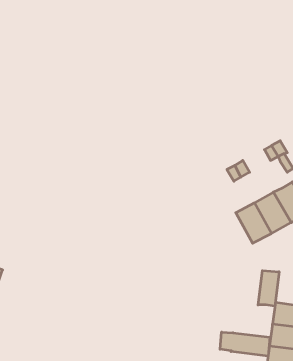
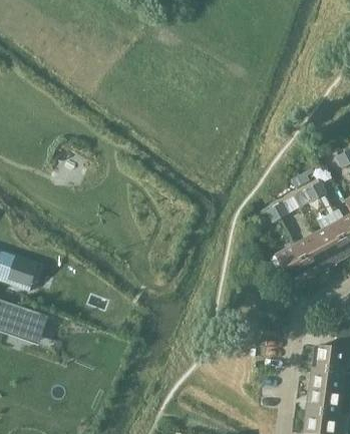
building: [258,271,279,306] -> none
building: [220,332,270,356] -> none

